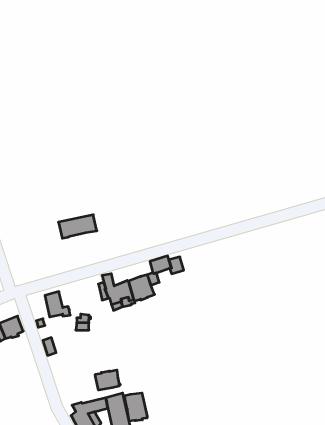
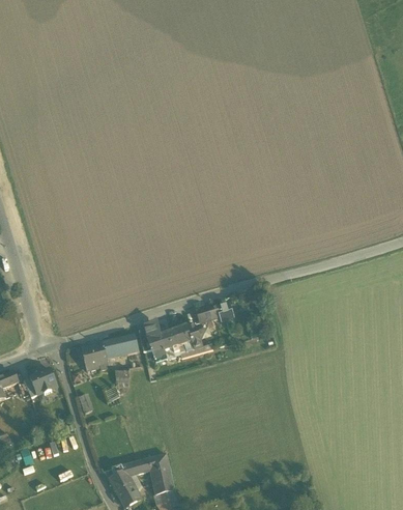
building: [58,215,97,238] -> [95,333,138,359]
building: [95,370,120,390] -> none
building: [124,393,147,421] -> none

